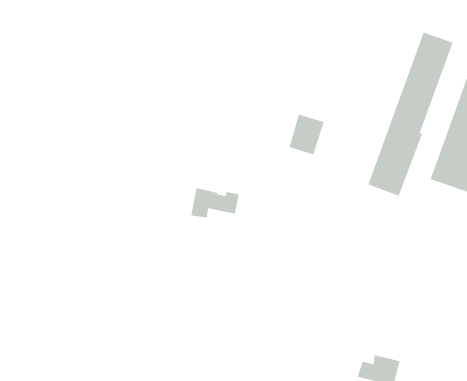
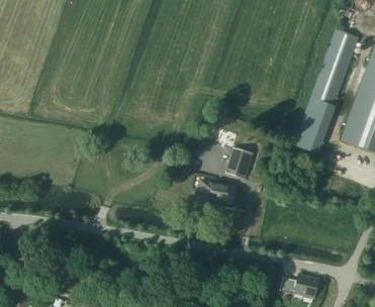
building: [289,114,325,155] -> [224,147,252,179]
building: [190,188,240,218] -> [197,182,235,205]

